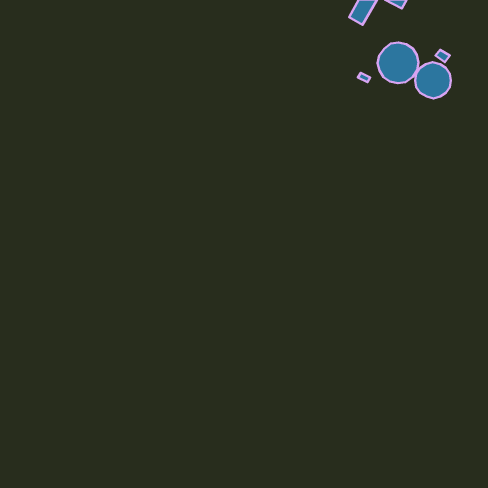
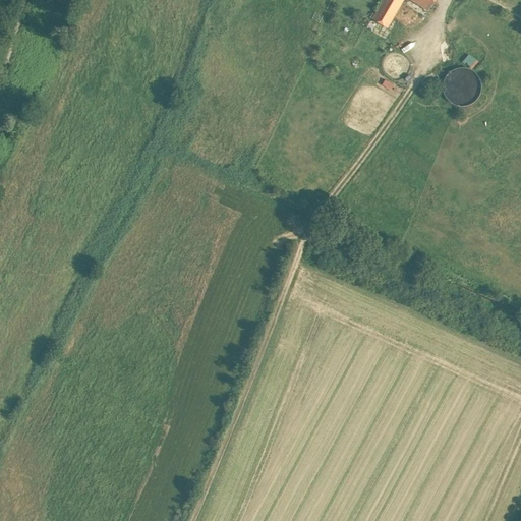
building: [378,43,419,83] -> none

